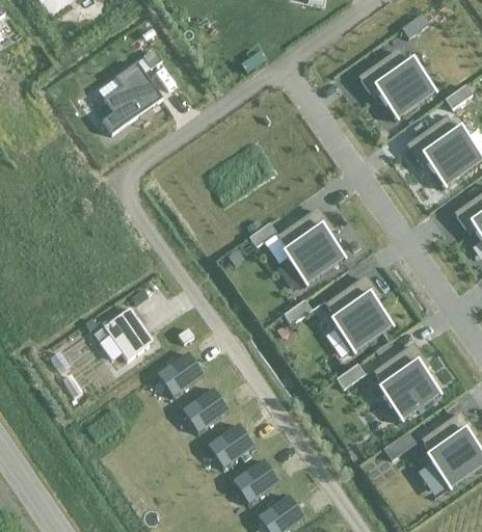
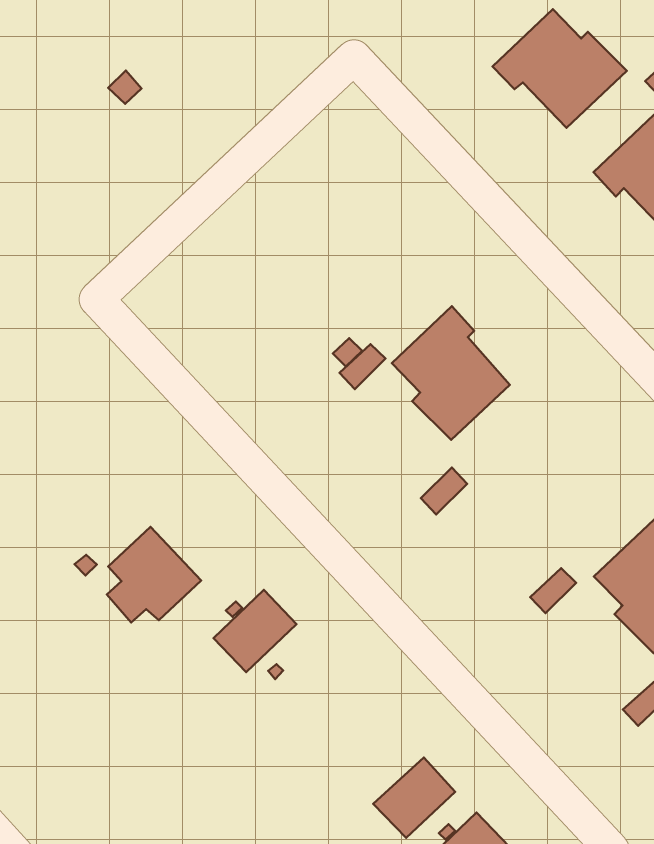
building: [99,62,163,135] -> none
building: [327,277,392,352] -> none
building: [183,388,230,432] -> none
building: [208,424,255,468] -> none

